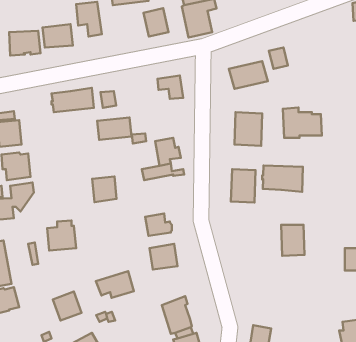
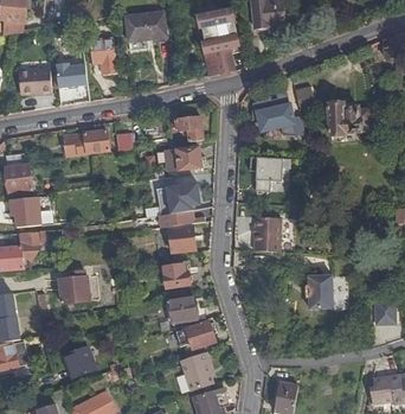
building: [143,8,169,37] -> none
building: [283,108,322,138] -> [327,102,368,134]
building: [97,117,132,140] -> [163,147,200,171]
building: [262,166,303,192] -> none
building: [92,177,117,202] -> [168,225,194,253]
building: [96,271,134,298] -> [174,320,214,349]

